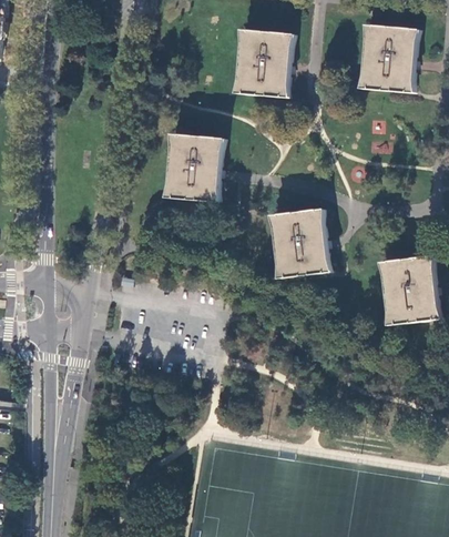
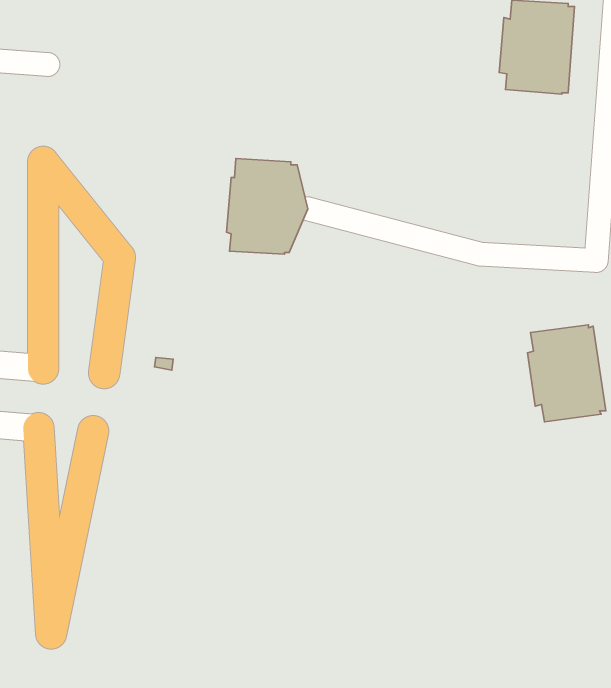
building: [236,29,287,94] -> none
building: [272,209,325,277] -> none

